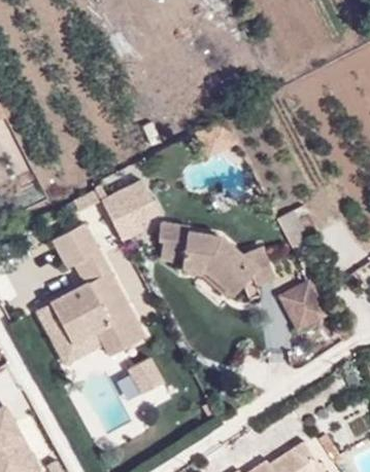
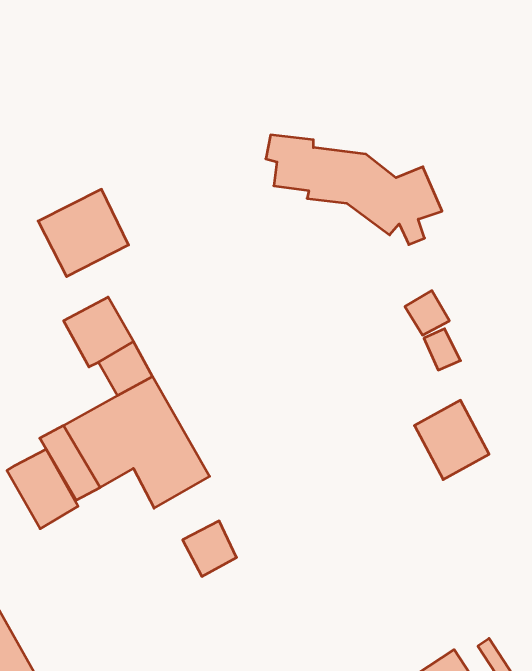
building: [98,180,157,237] -> [38,189,129,277]
building: [158,222,272,293] -> [266,135,442,245]
building: none -> [7,449,78,529]

